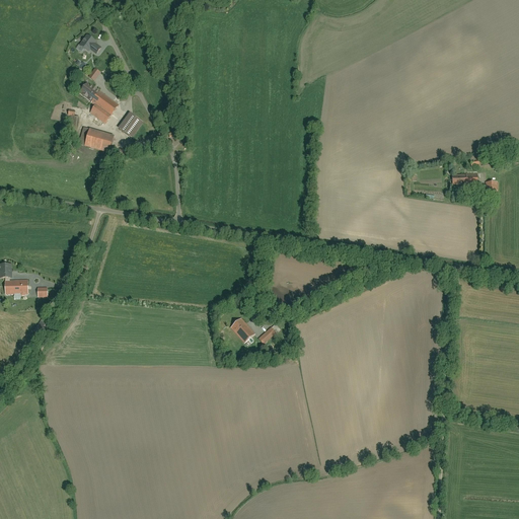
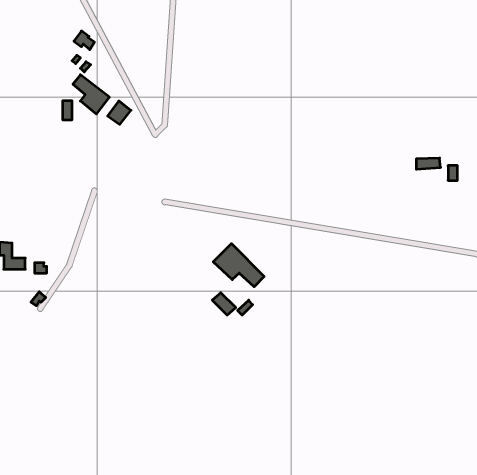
building: [77,125,113,150] -> none
building: none -> [213,244,264,287]

